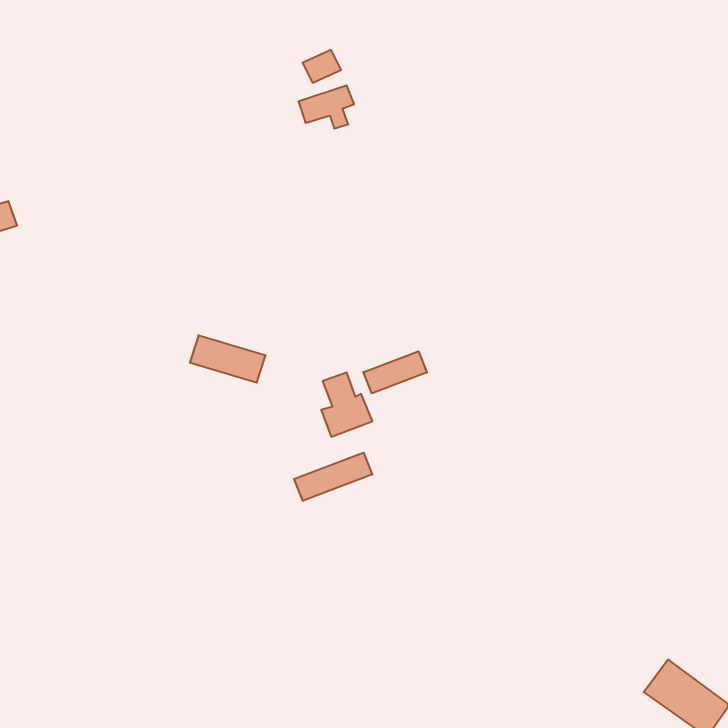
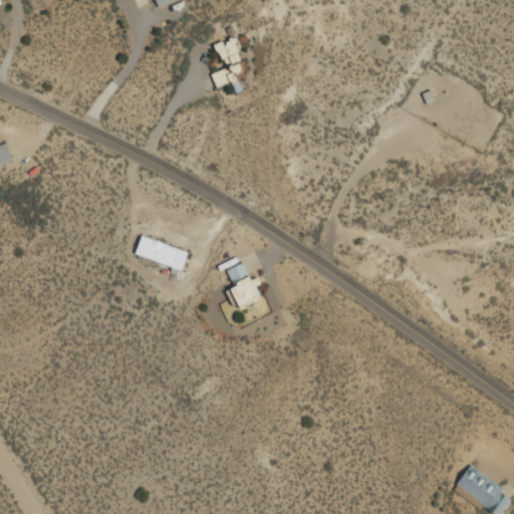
building: [363,351,427,393] -> none
building: [294,453,372,501] -> none

